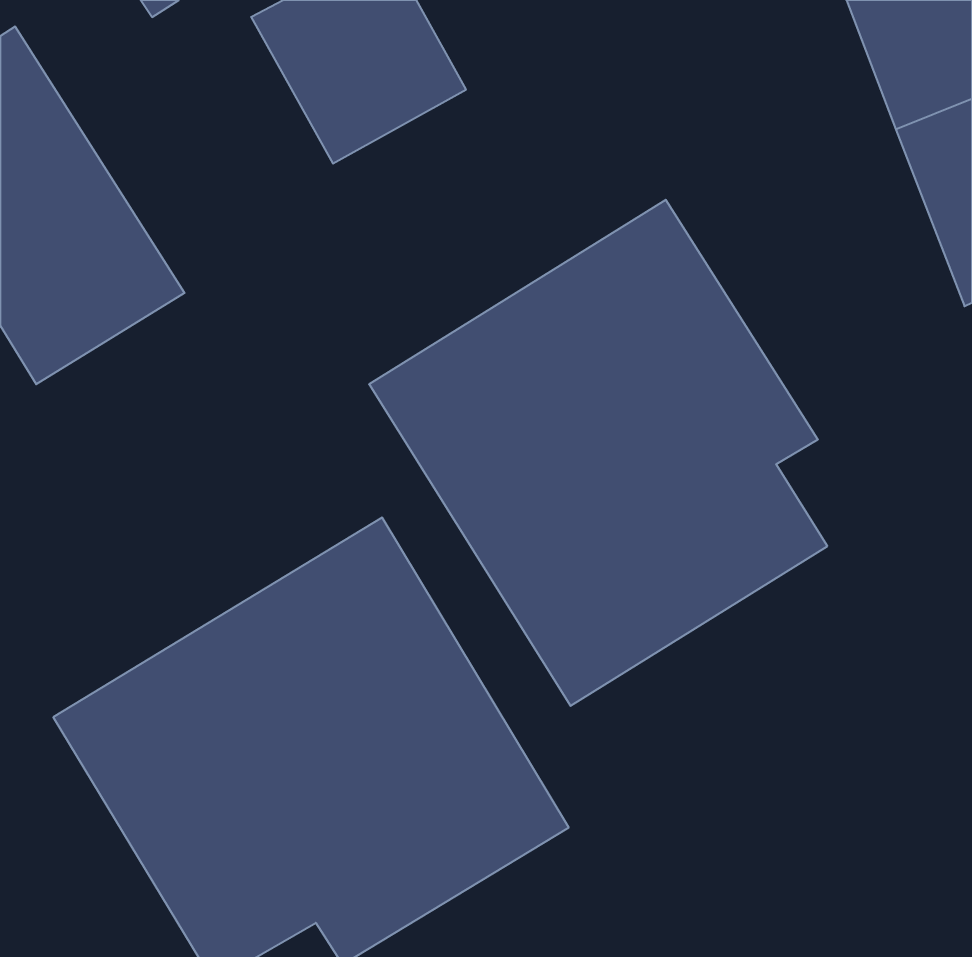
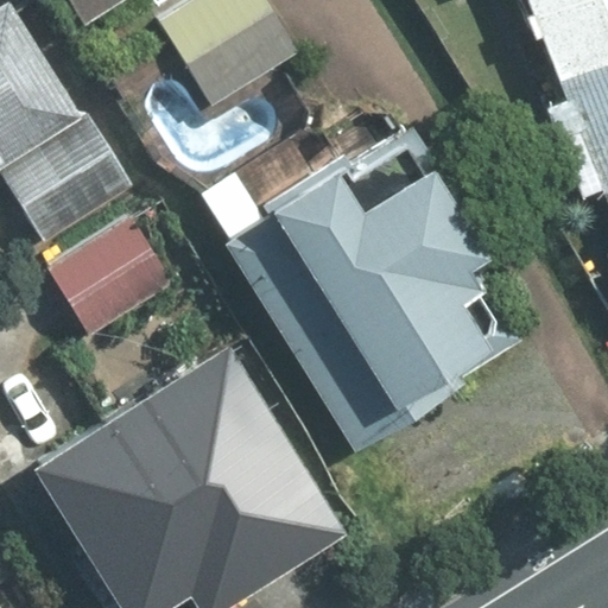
building: none -> [43,209,180,340]

